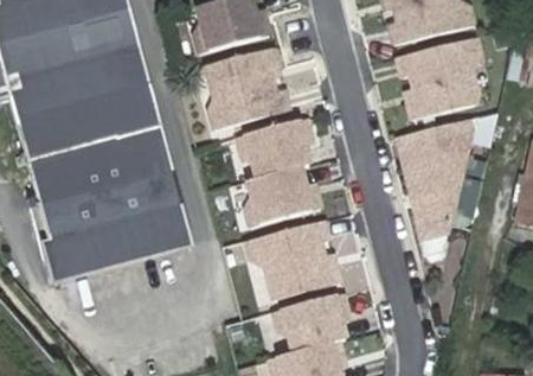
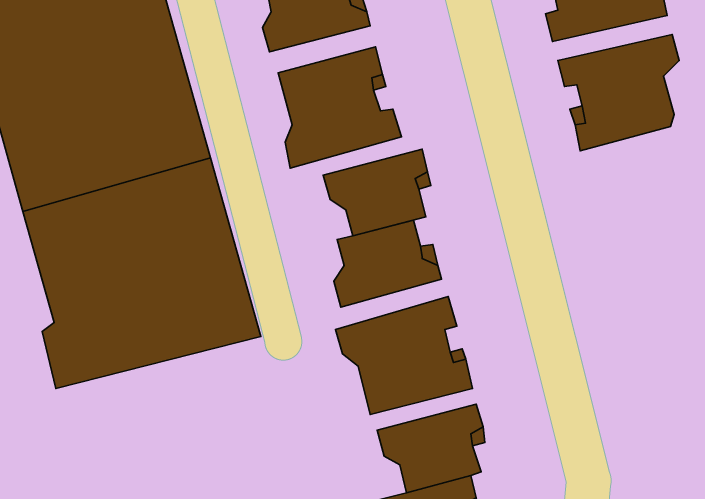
building: [398,119,469,236] -> none

